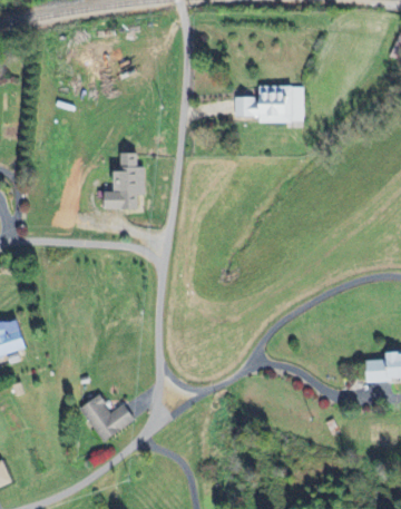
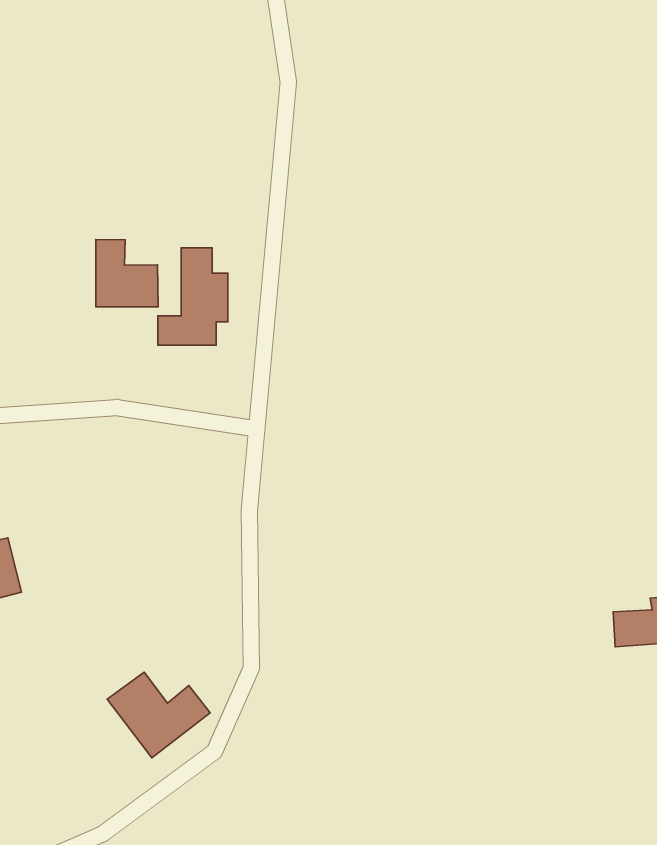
building: [233,87,302,124] -> none
building: none -> [96,240,158,307]

